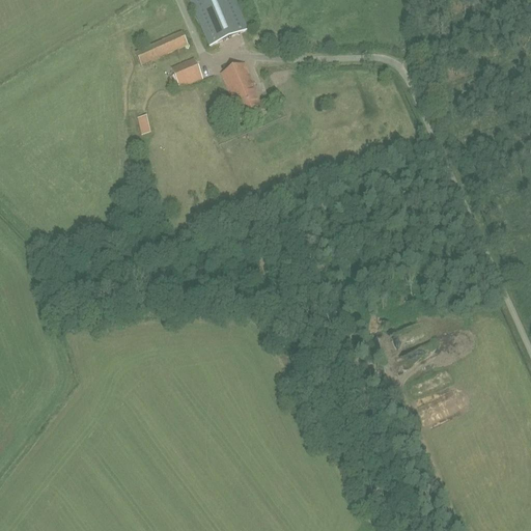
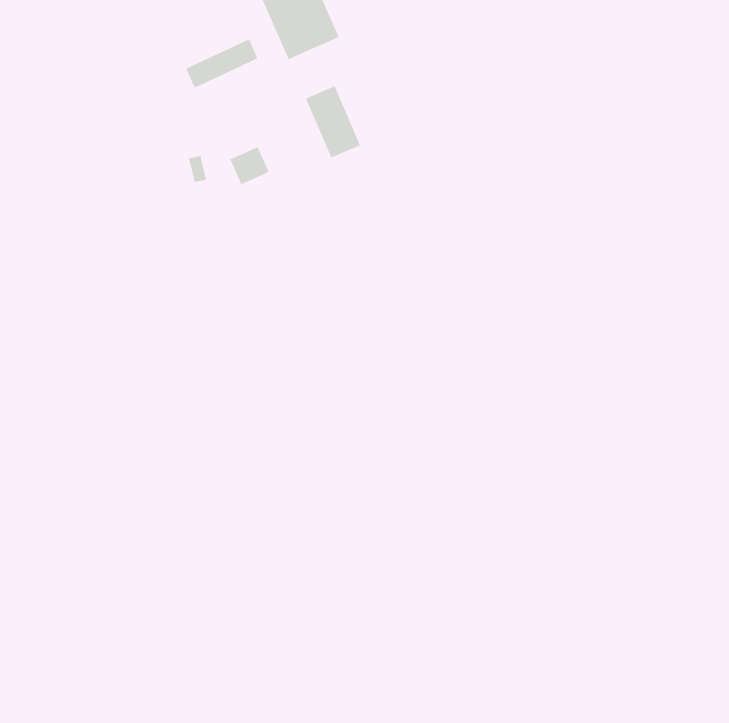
building: [172,57,201,85] -> [230,146,269,185]

